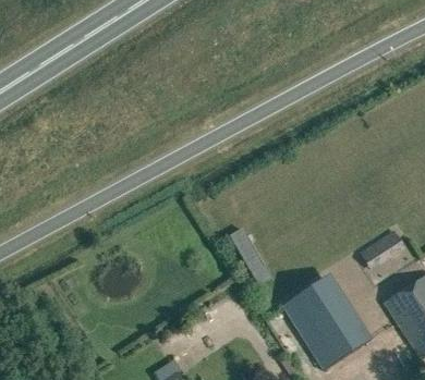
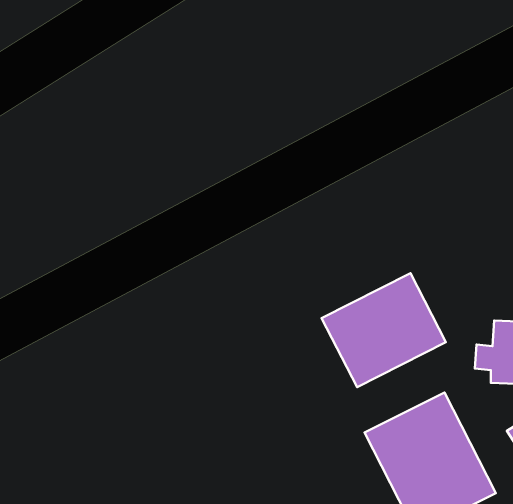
building: none -> [322,273,446,387]

